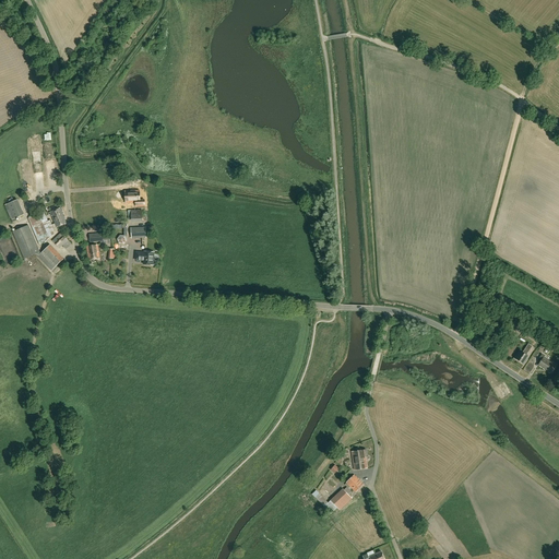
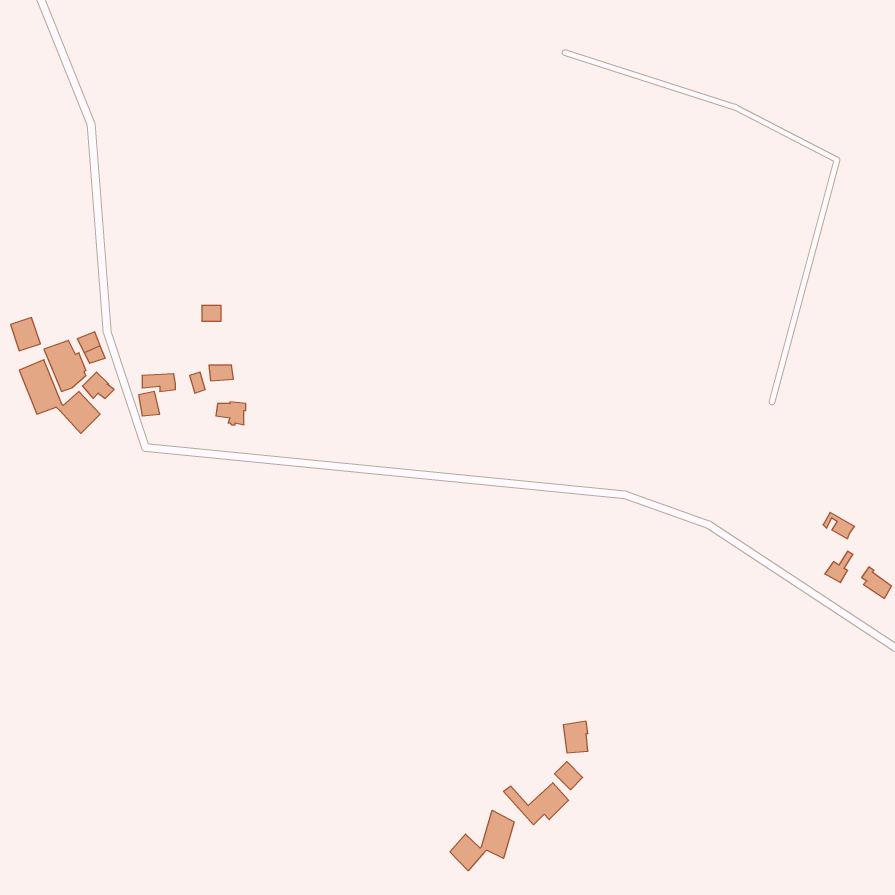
building: none -> [450,810,514,871]

